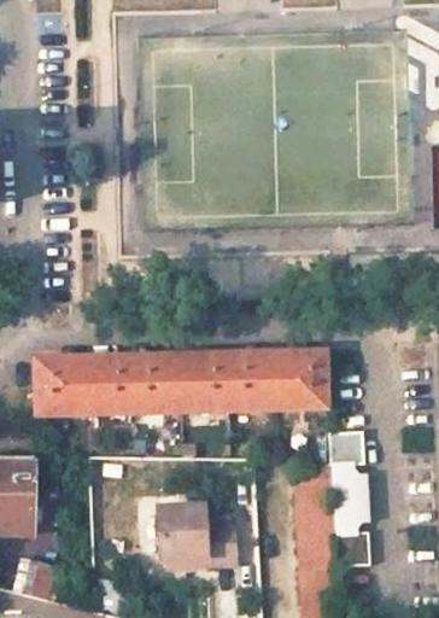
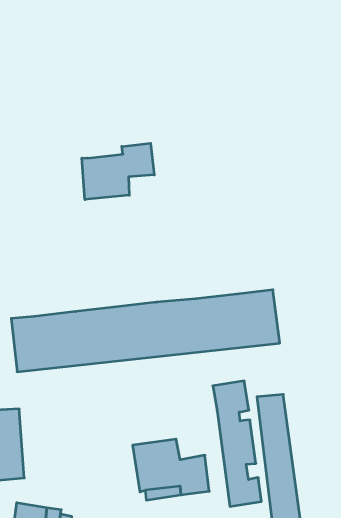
building: none -> [82,143,154,200]
building: [328,430,370,566] -> [213,381,261,506]

